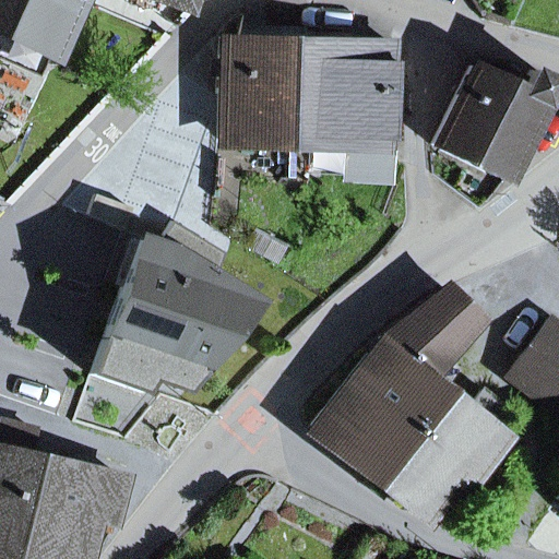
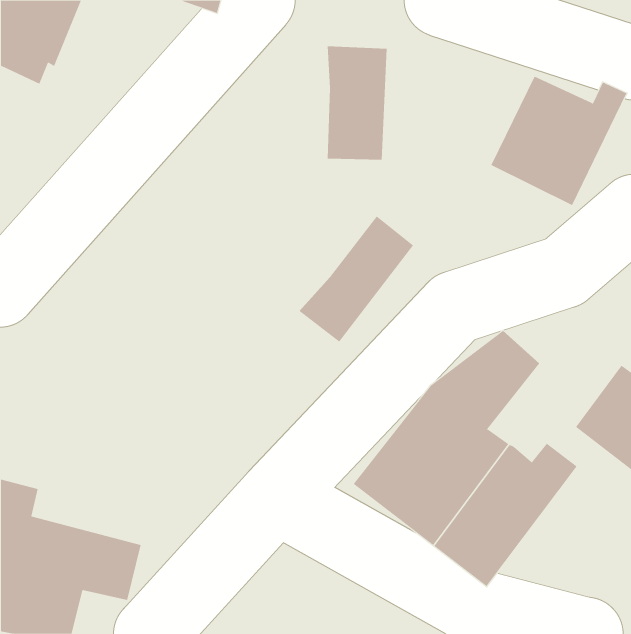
building: [218,15,293,140] -> none
building: [340,43,396,143] -> none
building: none -> [298,215,414,342]
building: [92,222,254,394] -> none

